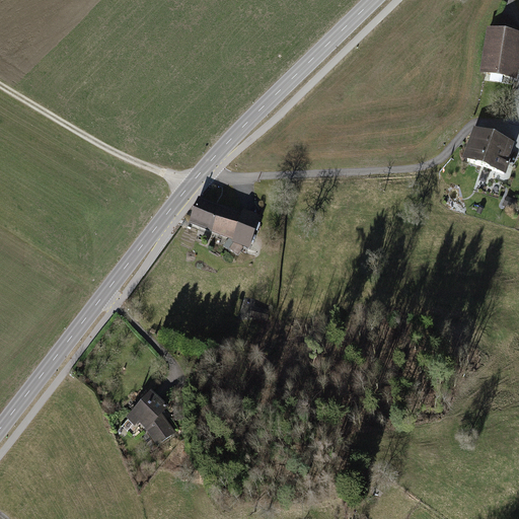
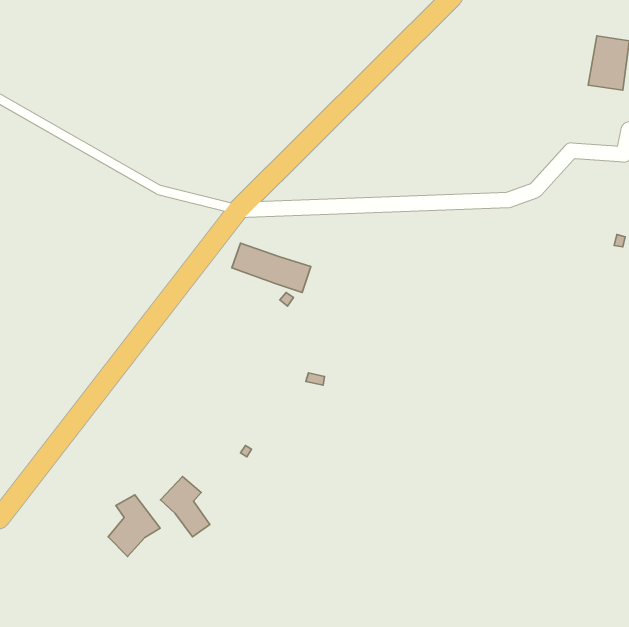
building: [466,129,508,170] -> none
building: none -> [108,495,160,557]

